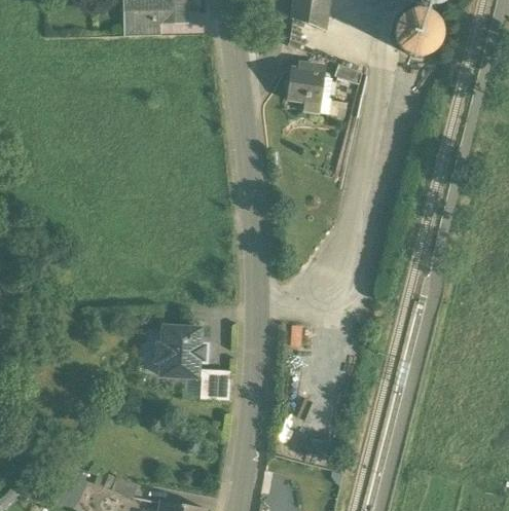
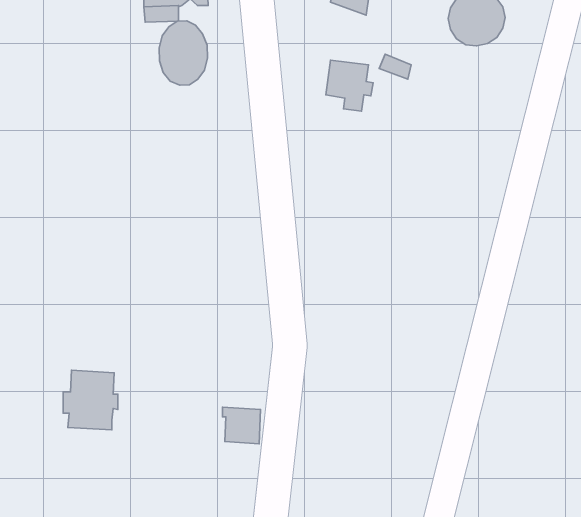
building: none -> [159,21,207,85]
building: [155,324,203,375] -> [63,370,118,430]

